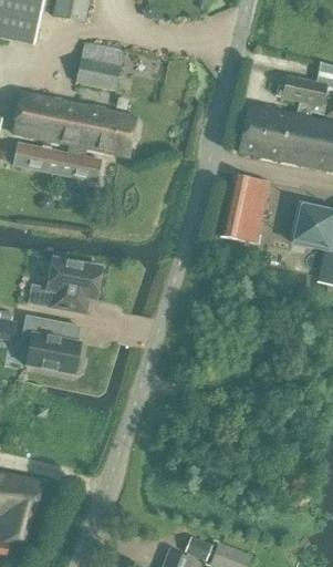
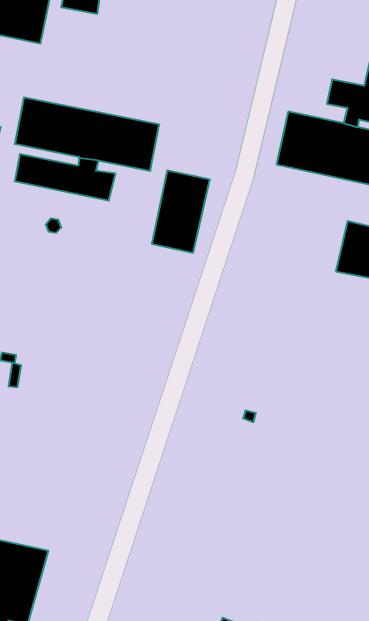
building: [75,41,123,90] -> none
building: [219,172,269,243] -> [152,170,210,253]
building: [48,257,102,313] -> none
building: [22,316,82,374] -> none

